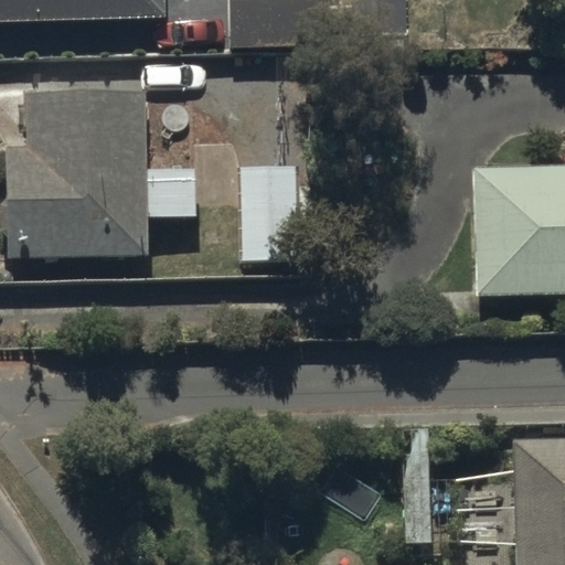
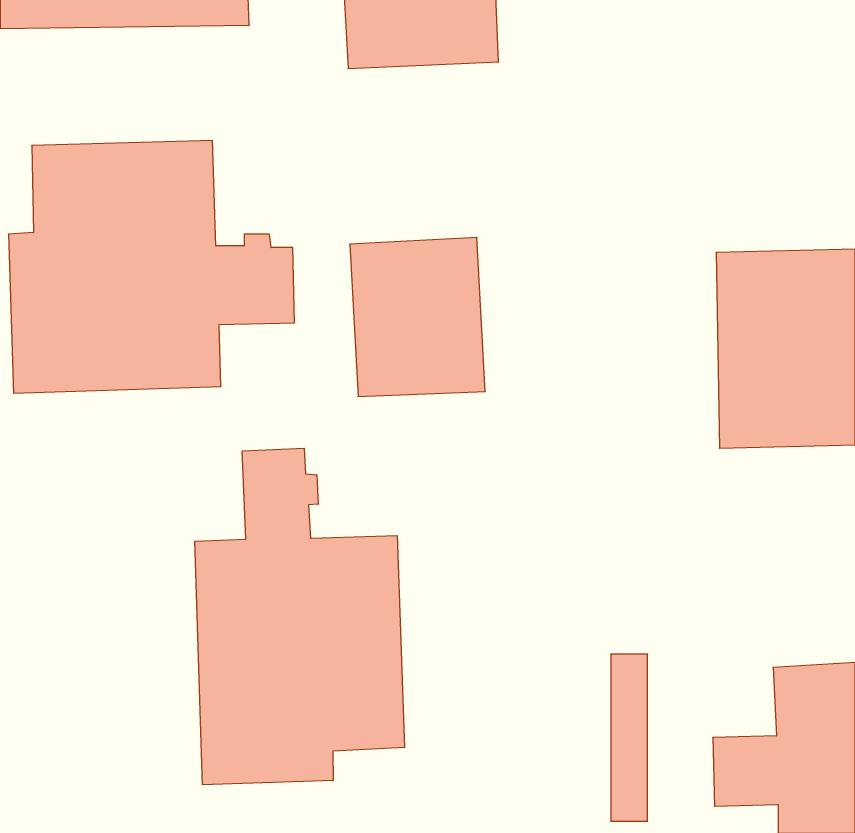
building: none -> [195,448,404,785]

